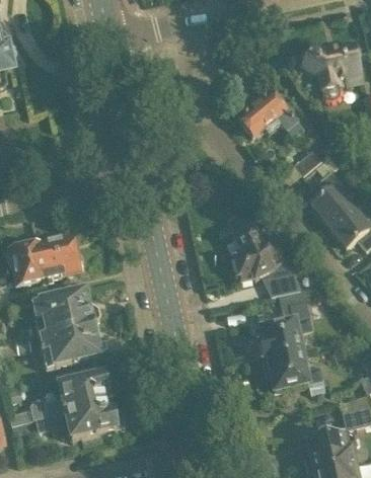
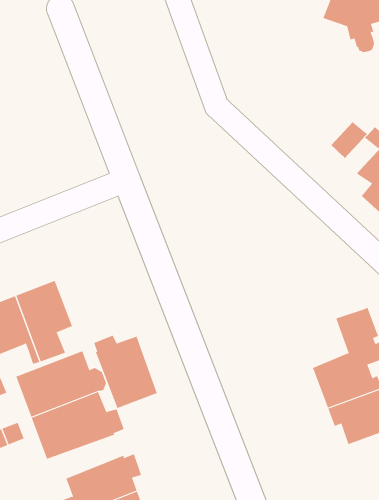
building: [237,89,304,137] -> none
building: [234,226,301,295] -> none
building: none -> [94,335,158,409]

